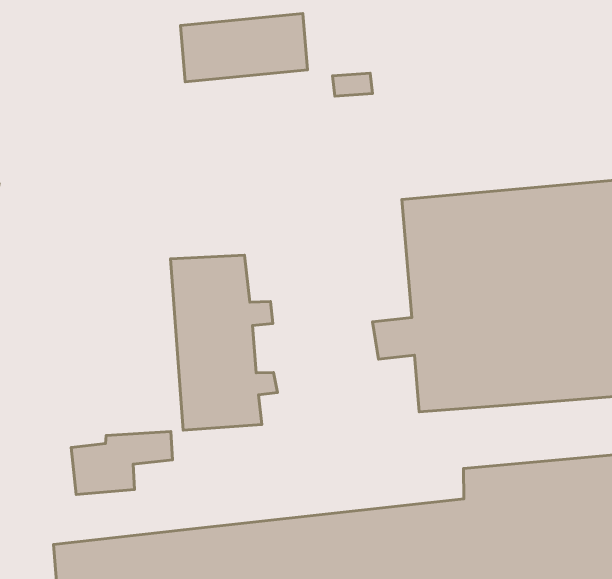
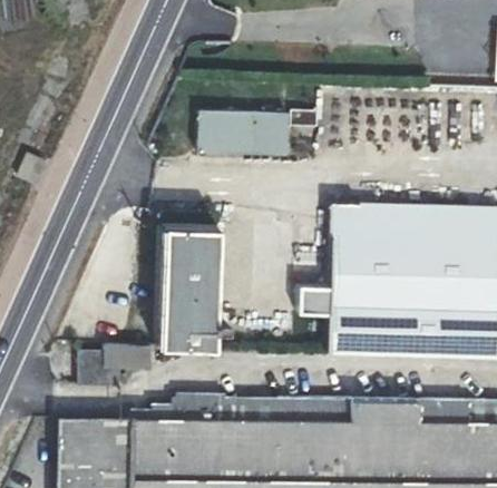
building: [180,13,308,82] -> [199,113,288,154]
building: none -> [153,393,354,418]

